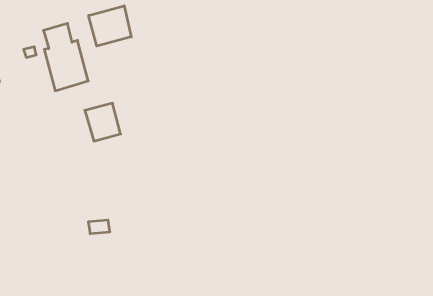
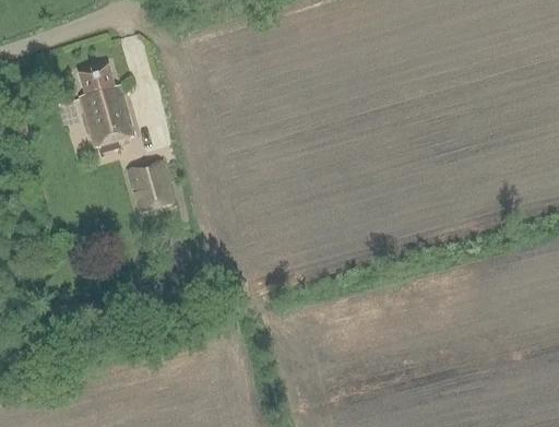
building: [89,6,131,46] -> none

